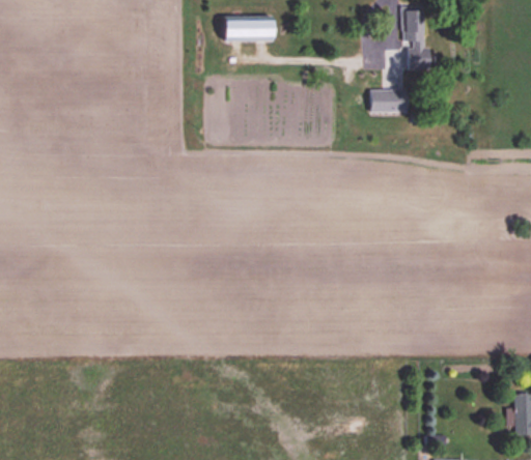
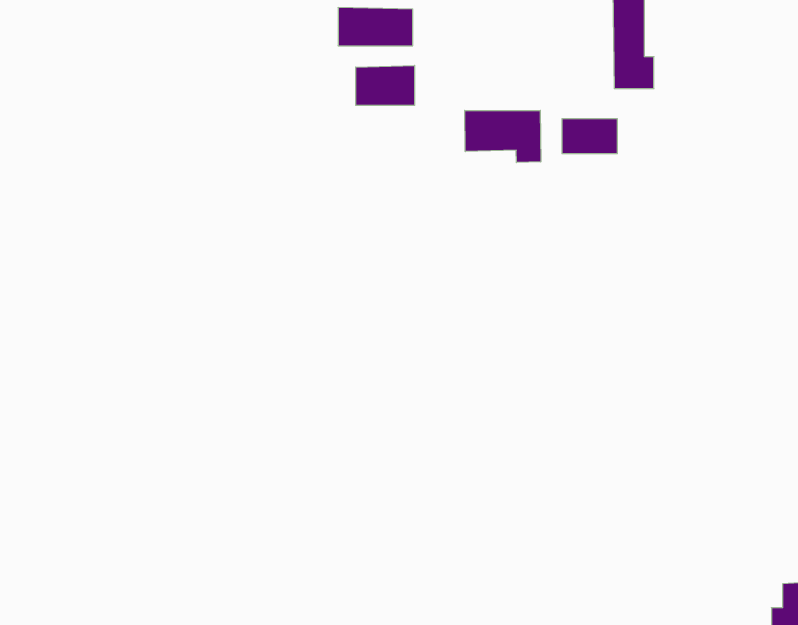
building: none -> [356,65,415,105]
building: none -> [465,110,541,163]

